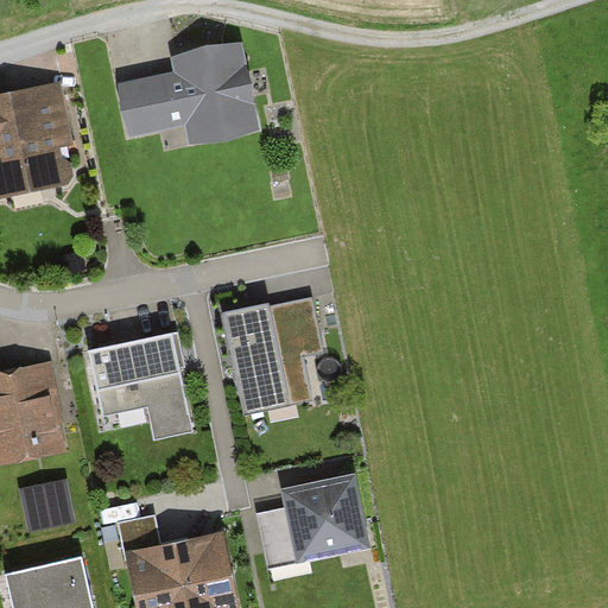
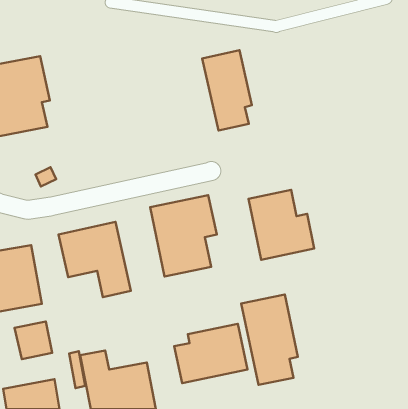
building: [125,44,256,148] -> none
building: none -> [202,50,252,130]
building: none -> [249,190,314,260]
building: none -> [241,294,298,385]

